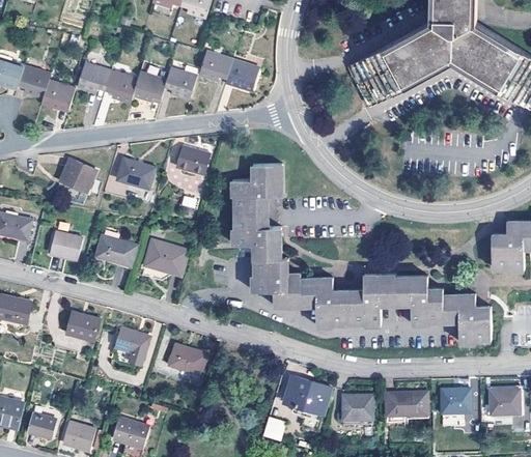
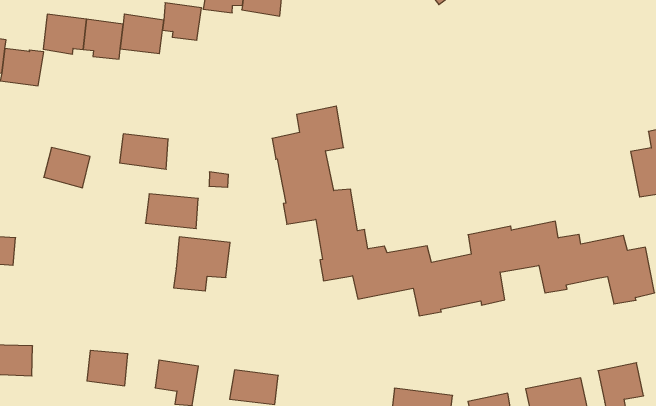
building: [177,146,209,174] -> none
building: [50,230,83,260] -> none
building: [95,235,137,266] -> [145,194,198,229]

